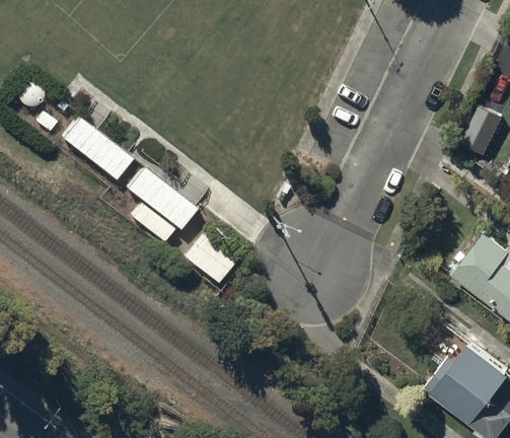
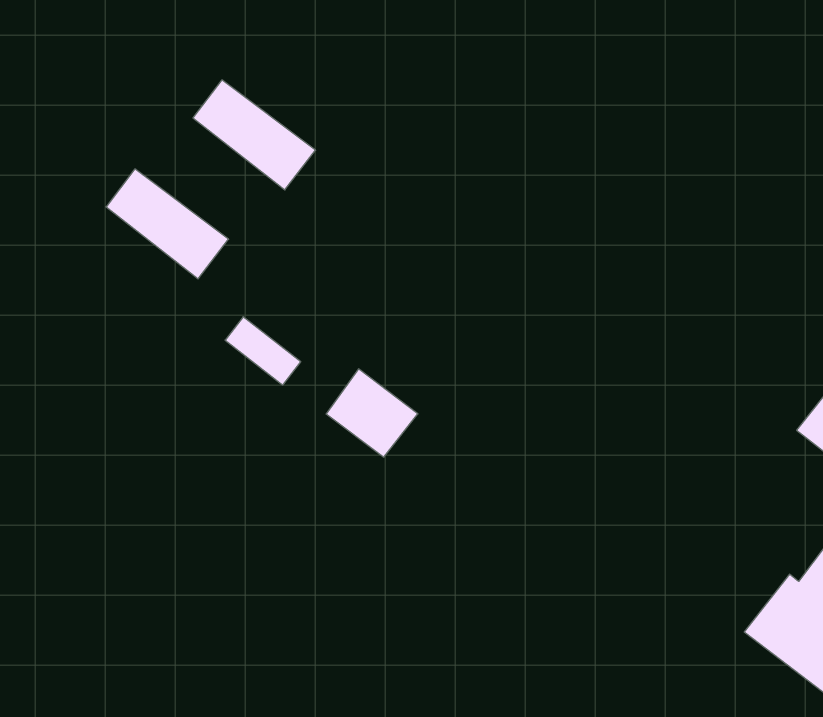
building: [130,171,199,233] -> [193,80,316,190]

